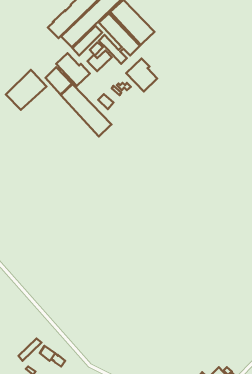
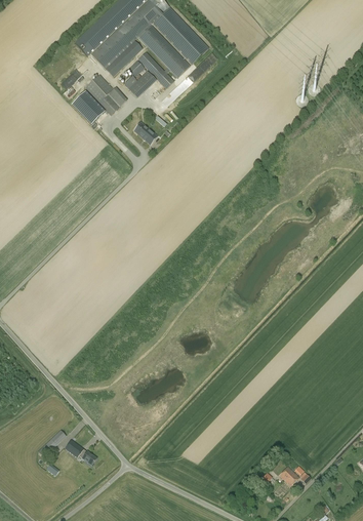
building: [126,58,157,91] -> none
building: [6,70,47,110] -> none
building: [61,84,111,136] -> none

